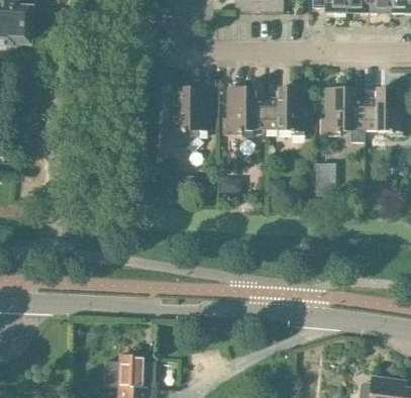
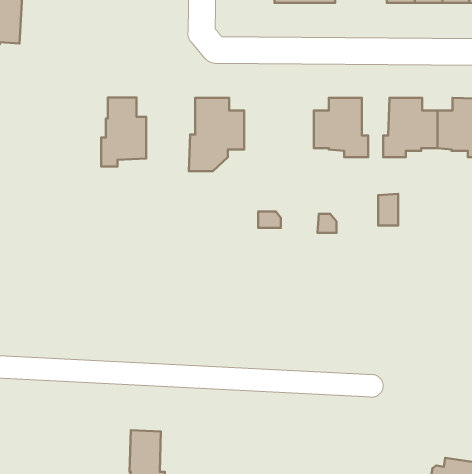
building: none -> [101,98,146,166]
building: [222,87,266,133] -> none

